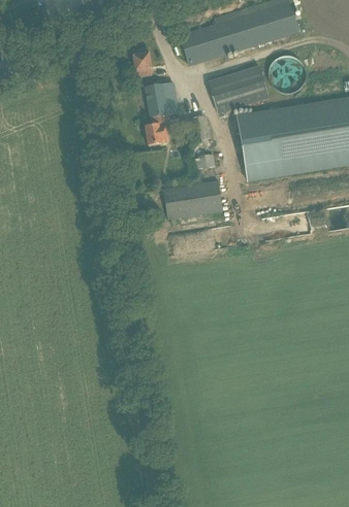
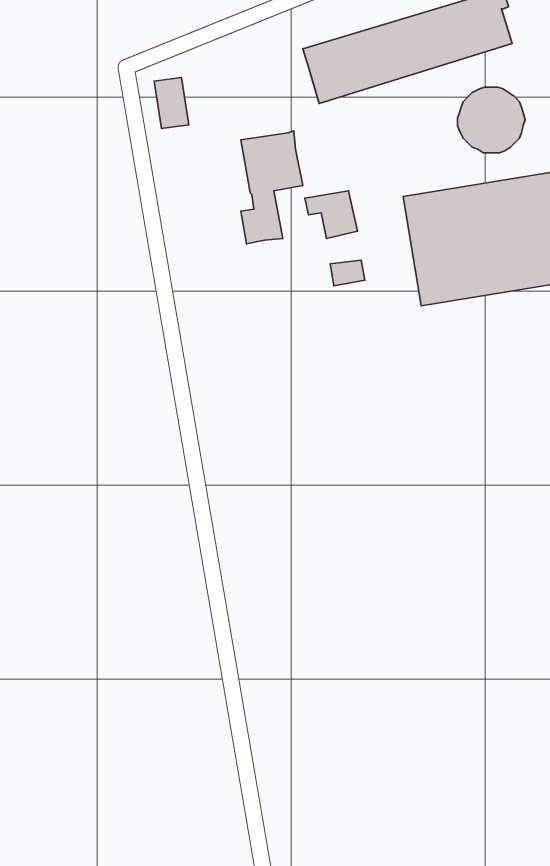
building: [132,47,152,76] -> [154,77,189,128]
building: [207,65,268,114] -> none
building: [163,180,222,224] -> none

